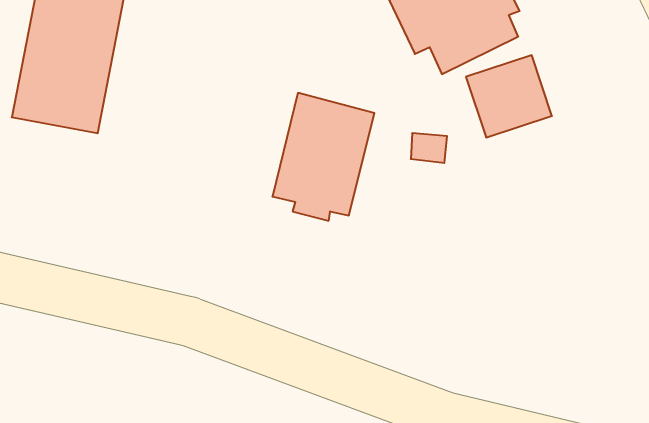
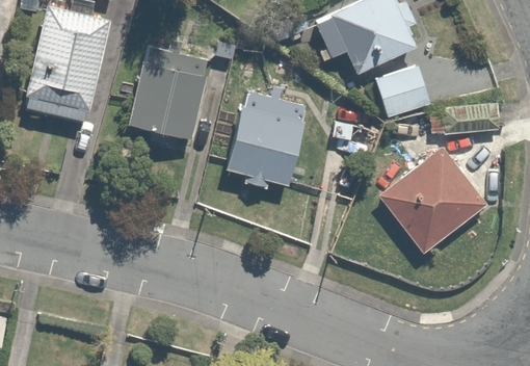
building: none -> [128,50,205,137]
building: none -> [376,147,489,253]

